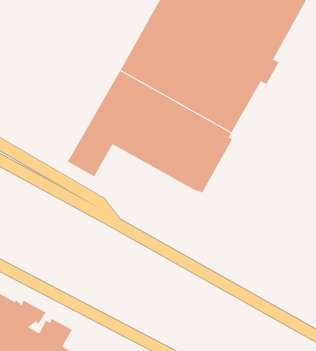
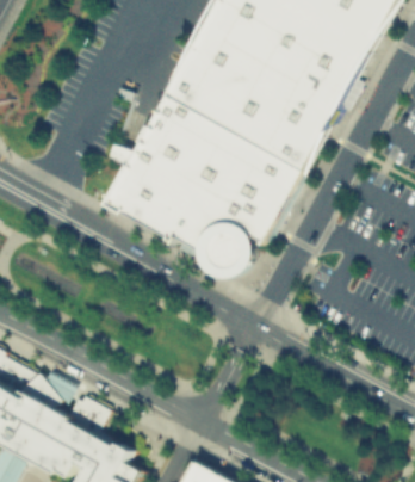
building: none -> [132,183,253,277]

